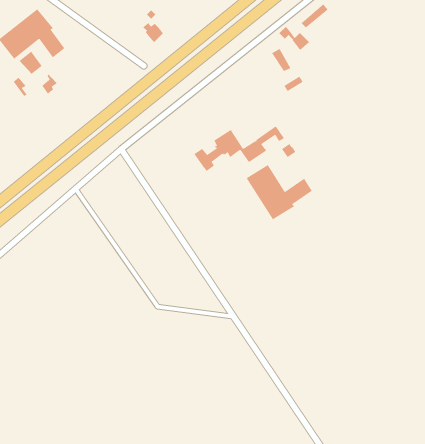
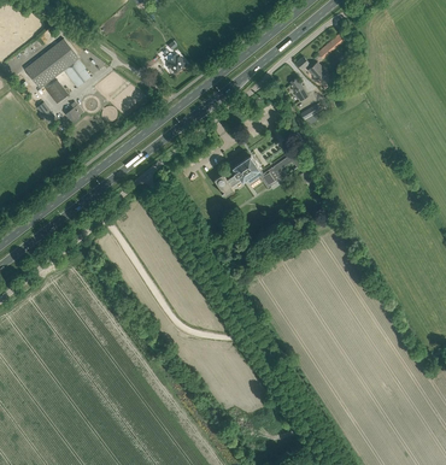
building: [246,164,312,220] -> none

